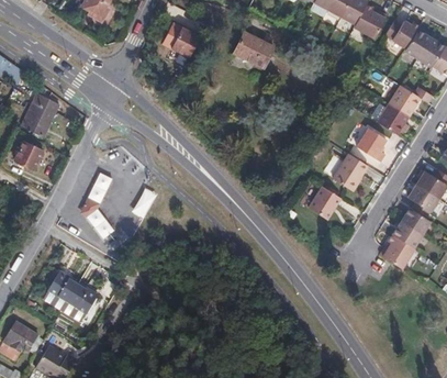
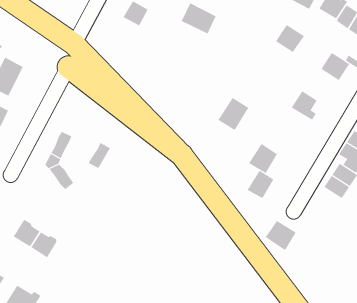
building: [377,104,410,136] -> [275,24,305,53]
building: [333,154,368,191] -> [217,97,249,131]
building: none -> [247,170,274,199]
building: [379,235,414,269] -> [265,220,296,251]

